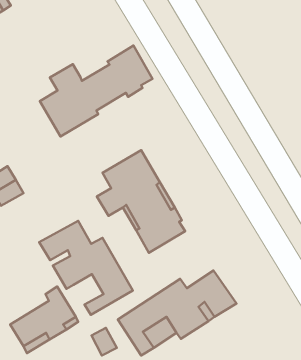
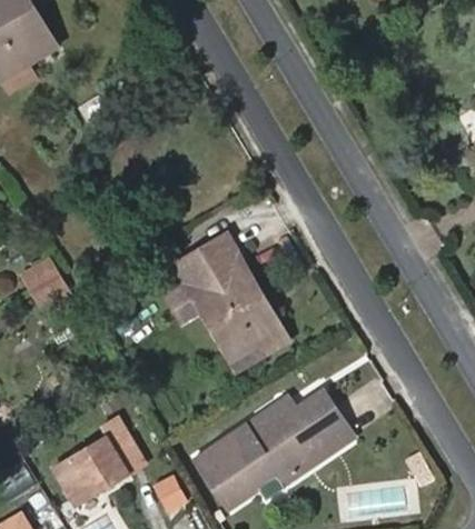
building: [40,46,153,136] -> none
building: [39,221,133,315] -> none

